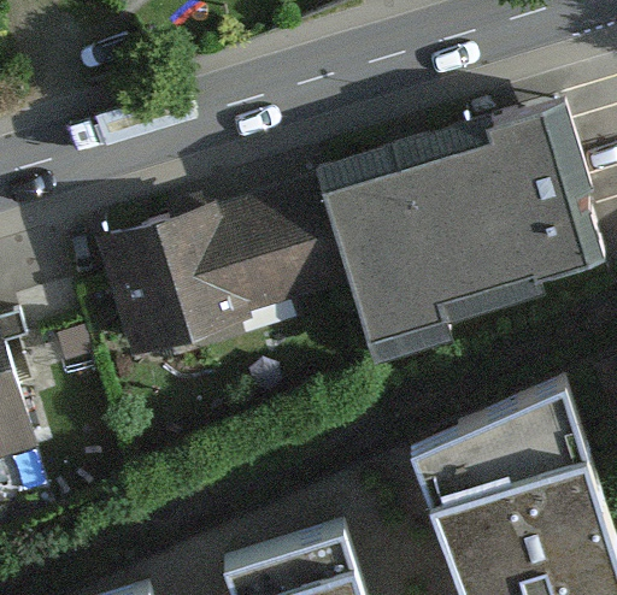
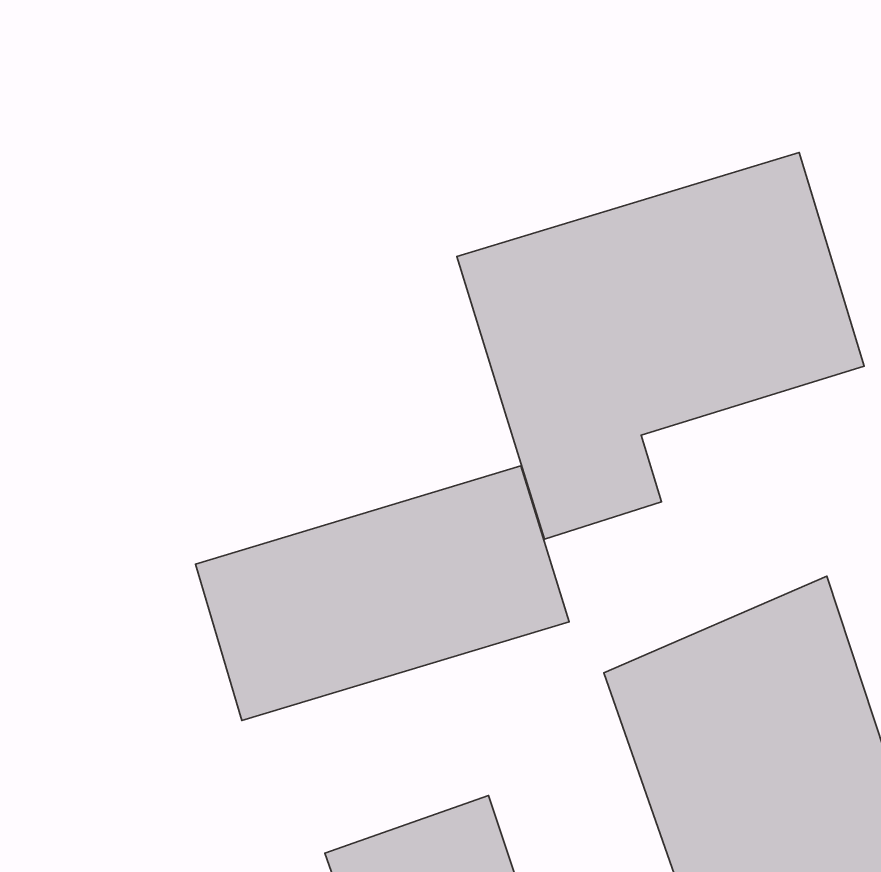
building: [112,179,354,344] -> [195,466,569,720]

